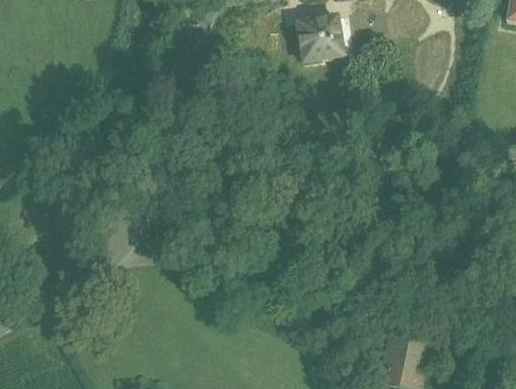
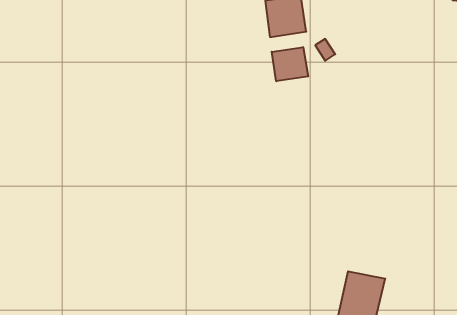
building: none -> [272,47,308,81]

